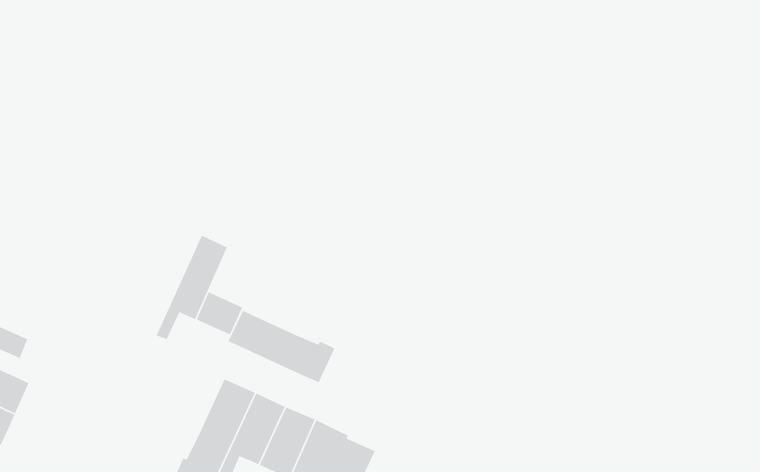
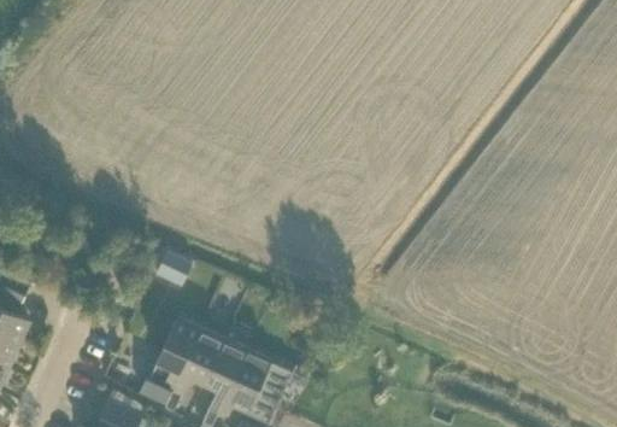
building: [155,234,228,340] -> none
building: [228,310,336,383] -> none

